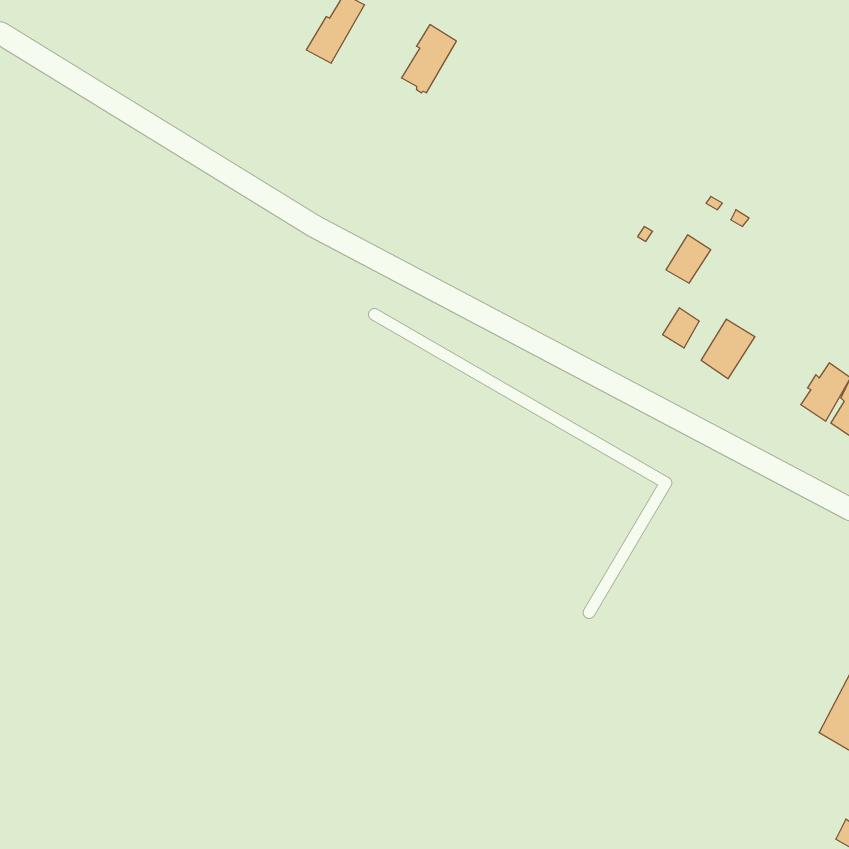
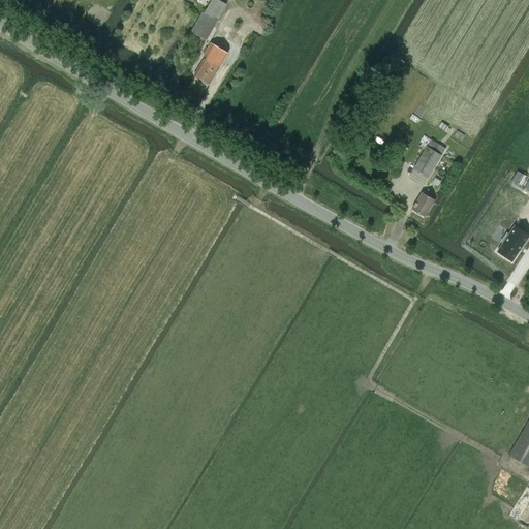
building: [401,25,456,93] -> [194,41,228,84]
building: [701,319,755,379] -> none

